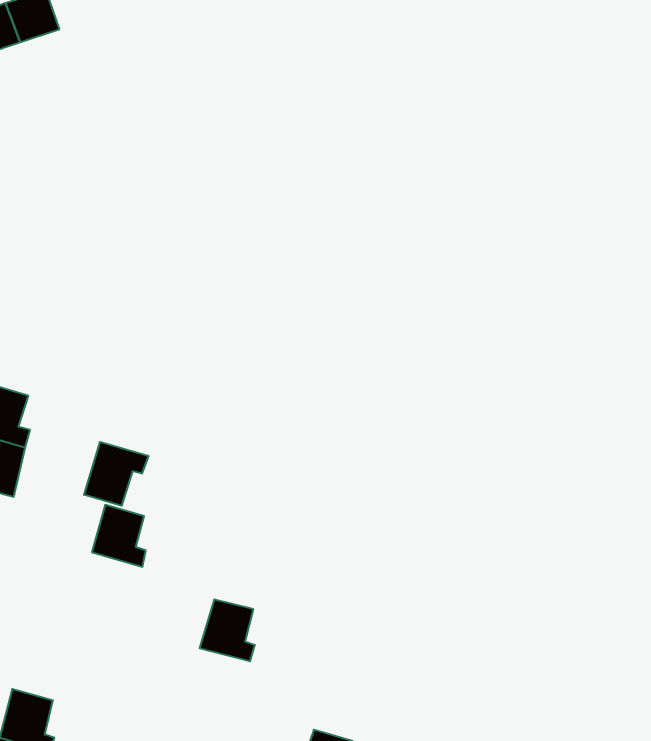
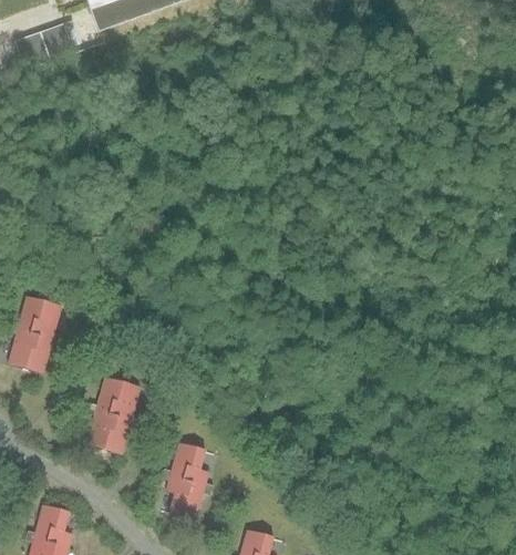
building: [84,442,149,506] -> none
building: none -> [93,409,131,452]
building: none -> [167,474,204,516]

